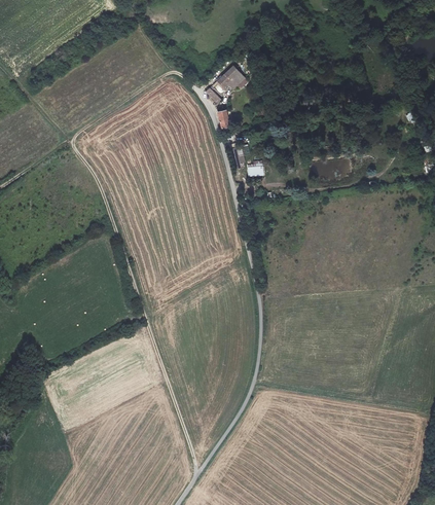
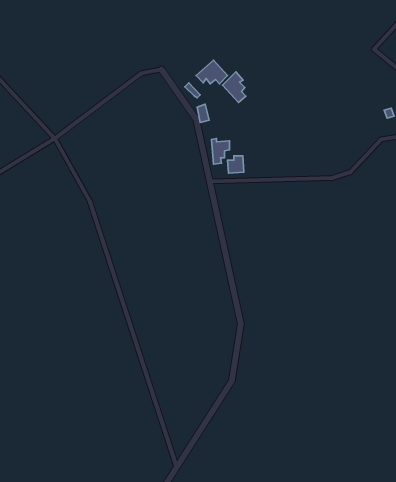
building: none -> [223,72,246,102]

